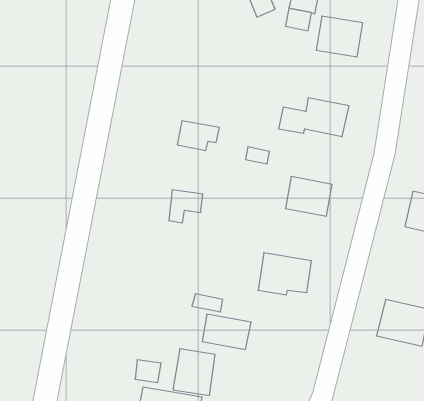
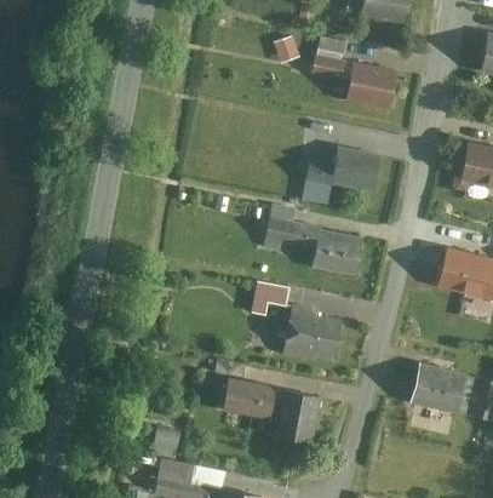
building: [177,121,219,150] -> [262,224,306,256]
building: [169,190,203,223] -> [252,281,288,316]
building: [173,349,215,395] -> [275,393,320,442]

